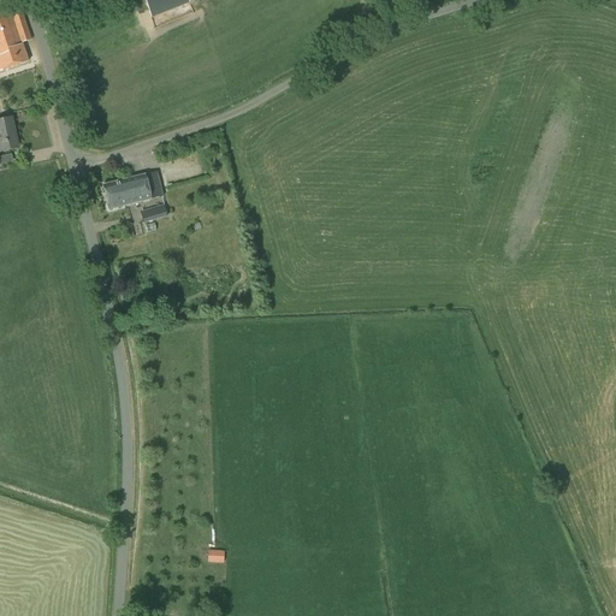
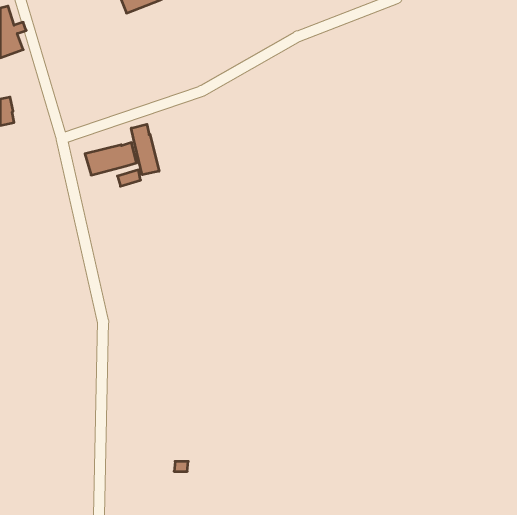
building: none -> [131,124,159,175]

